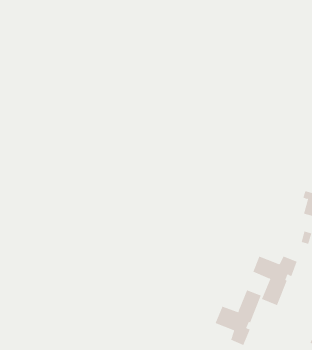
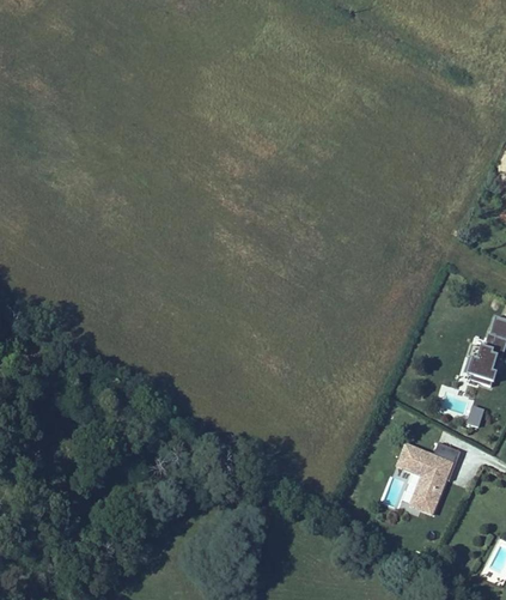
building: [215,289,261,346] -> none

